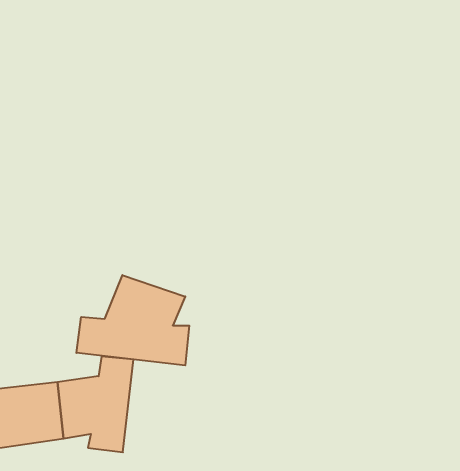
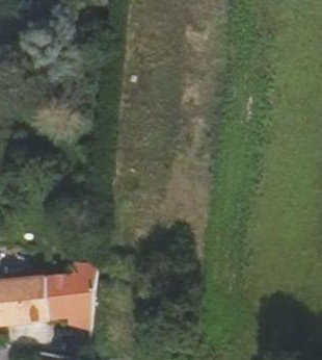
building: [76,275,189,365] -> none

